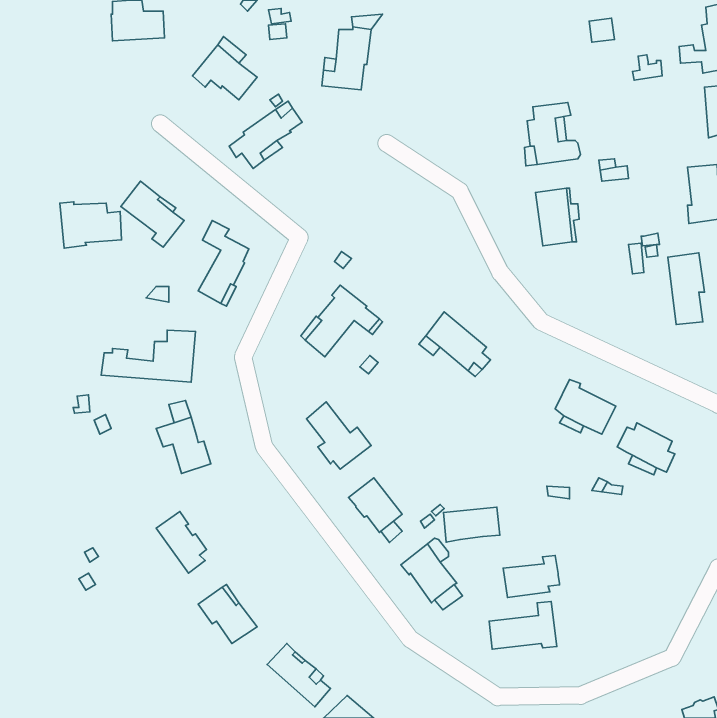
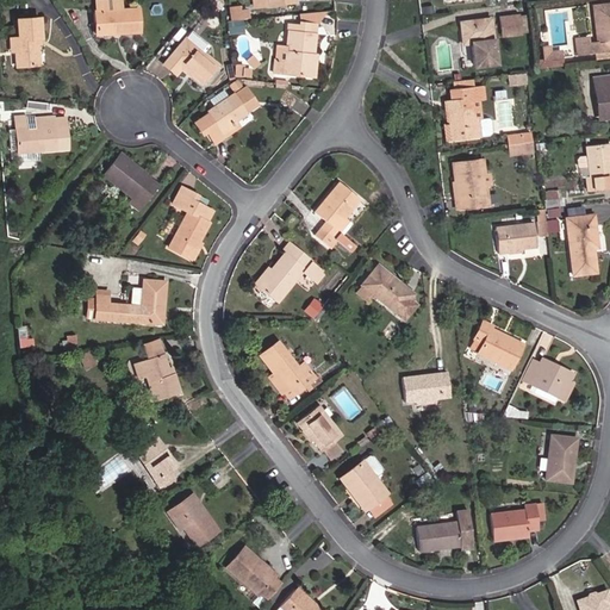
building: none -> [15,18,42,67]
building: none -> [461,19,497,67]
building: [60,202,122,248] -> [15,117,68,156]
building: none -> [315,182,360,250]
building: none -> [496,223,537,254]
building: [443,507,500,542] -> [403,373,450,403]
building: none -> [546,435,578,483]
building: [503,555,560,598] -> [490,504,537,540]

